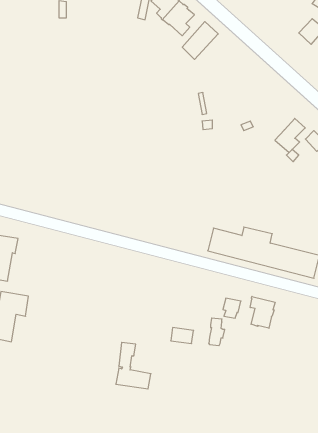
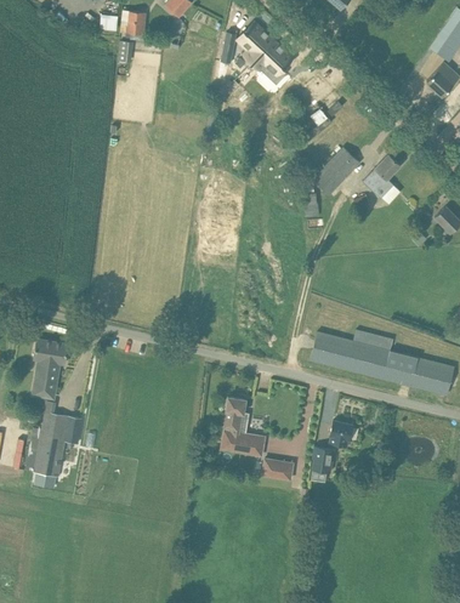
building: [182,22,218,59] -> [314,147,360,195]
building: [275,118,305,152] -> [363,154,402,198]
building: [250,296,275,328] -> none
building: [116,342,151,389] -> [221,397,266,456]

